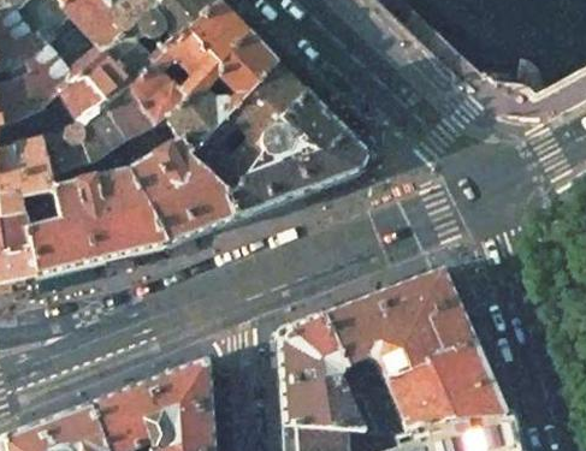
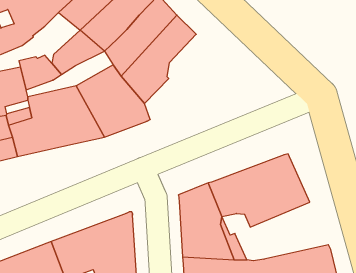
building: [57,60,128,136] -> none
building: [224,93,366,220] -> none
building: [381,344,498,429] -> none

